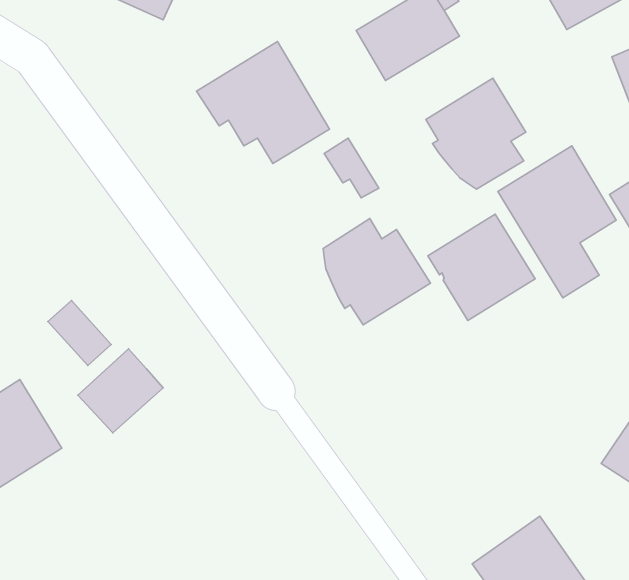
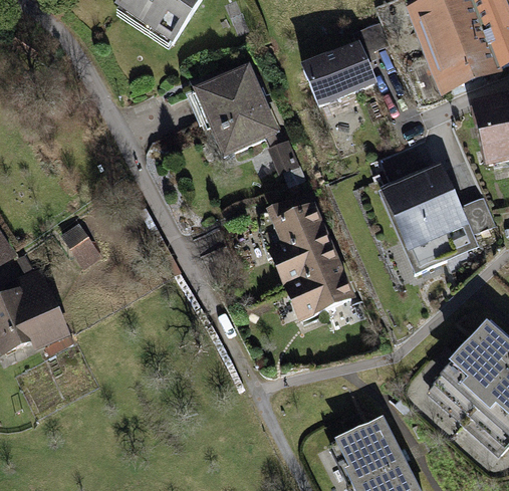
building: [426,78,526,189] -> none
building: [428,214,535,320] -> [280,247,351,317]
building: [78,349,163,433] -> none

